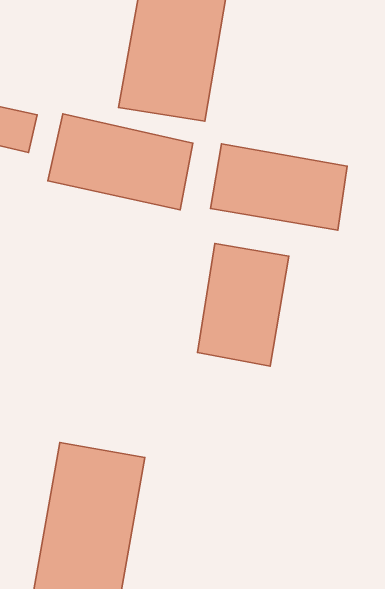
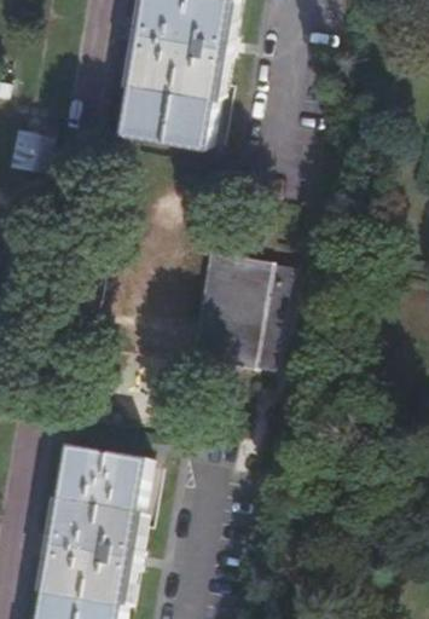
building: [48,114,193,210] -> none
building: [210,144,347,230] -> none

